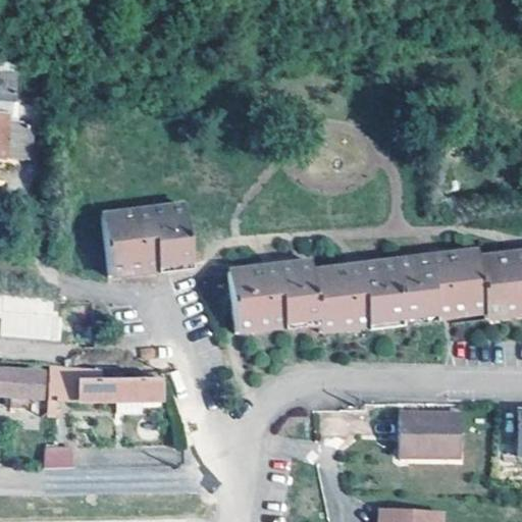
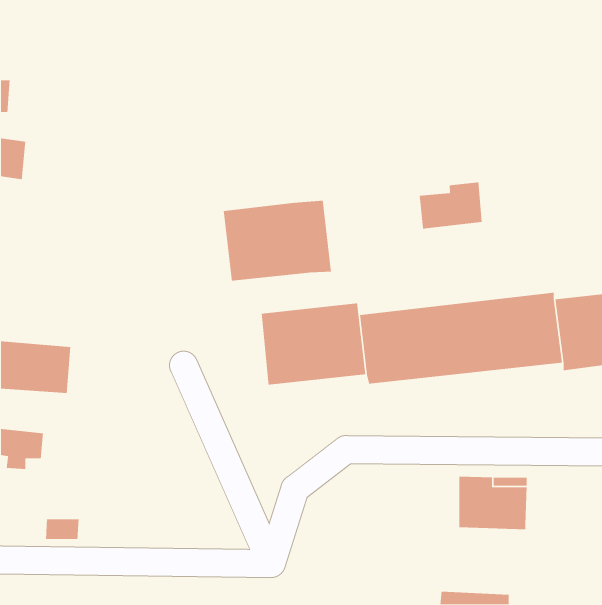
building: none -> [419,181,482,229]
building: [100,204,194,274] -> [223,200,332,282]
building: [52,365,160,399] -> none

